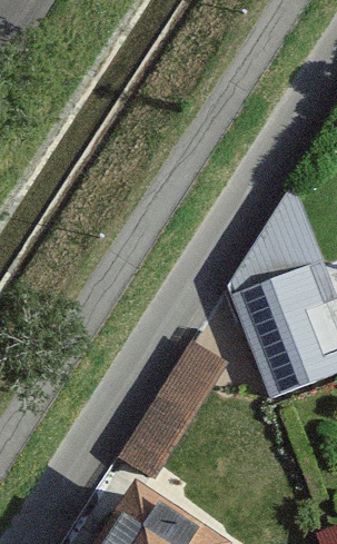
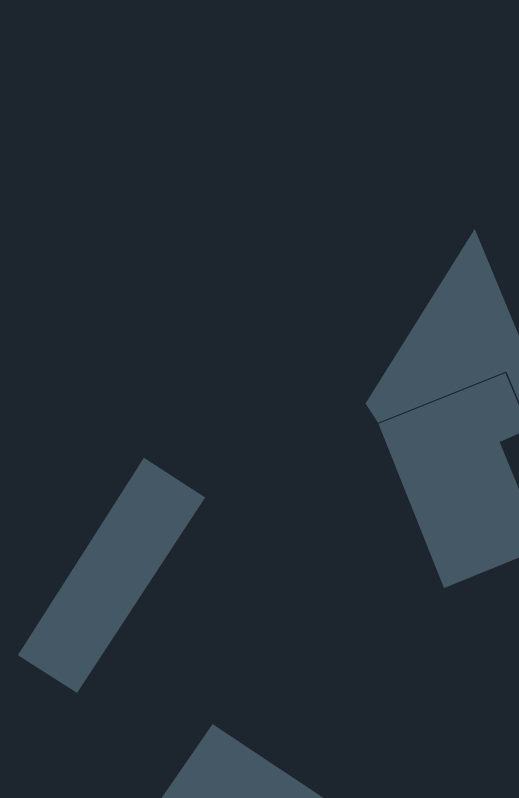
building: [121,329,236,473] -> [17,457,206,694]

